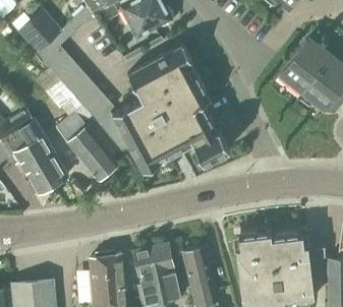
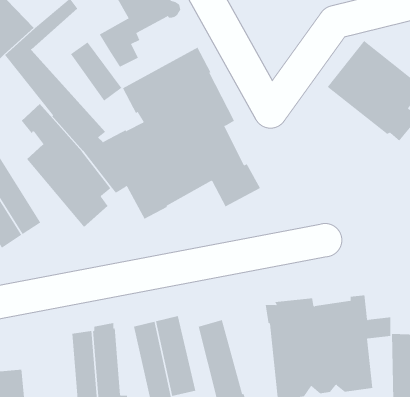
building: none -> [70,41,122,101]

